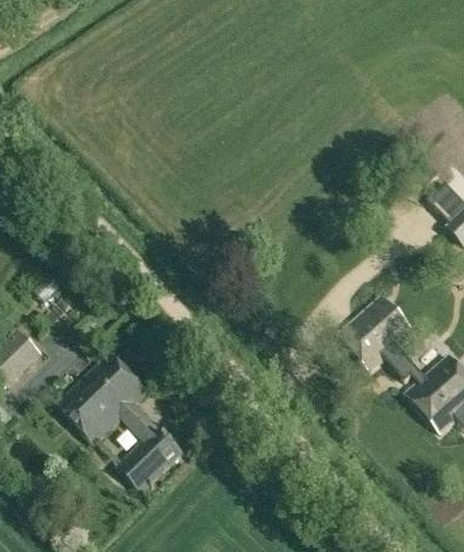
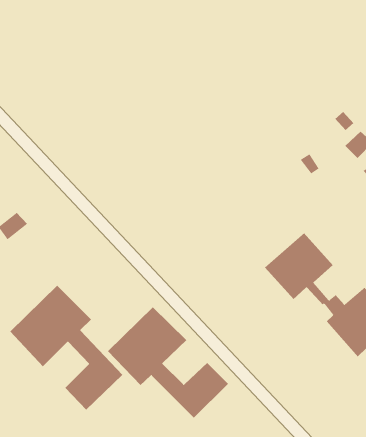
building: none -> [107,306,229,418]

